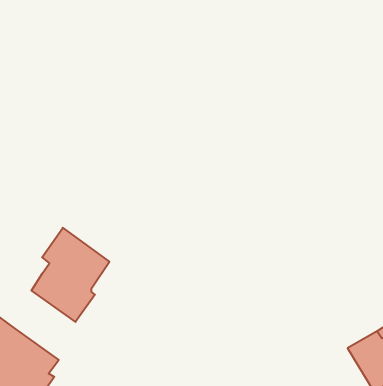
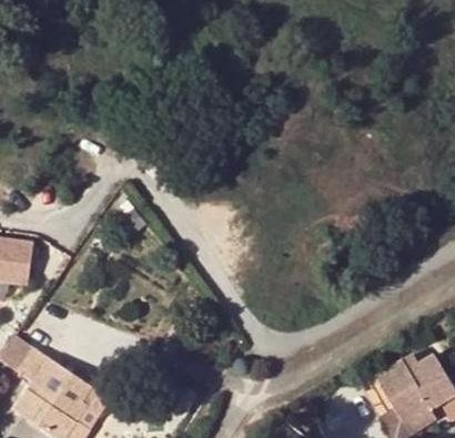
building: [31,228,109,322] -> none

